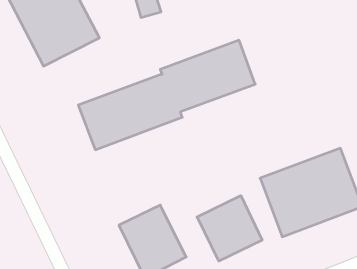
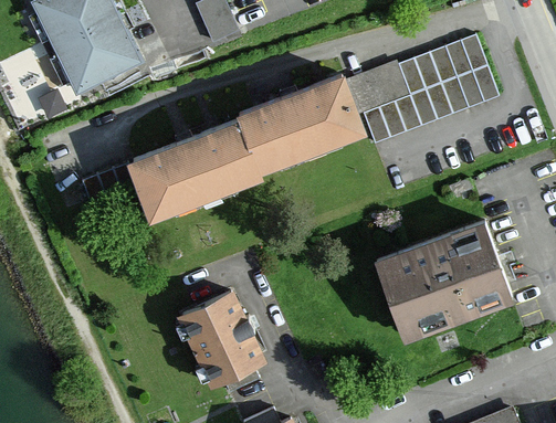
building: none -> [354,40,495,144]
building: [197,196,262,261] -> none

